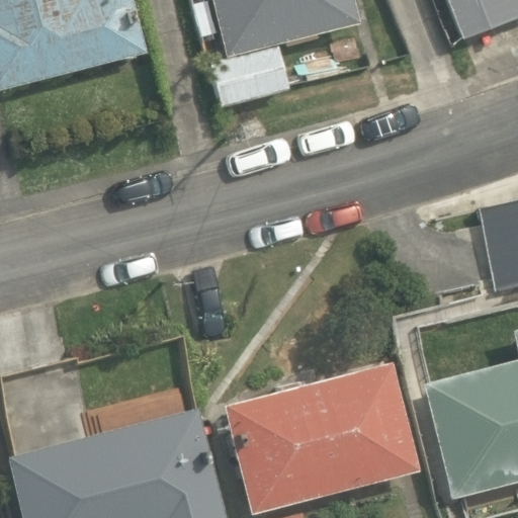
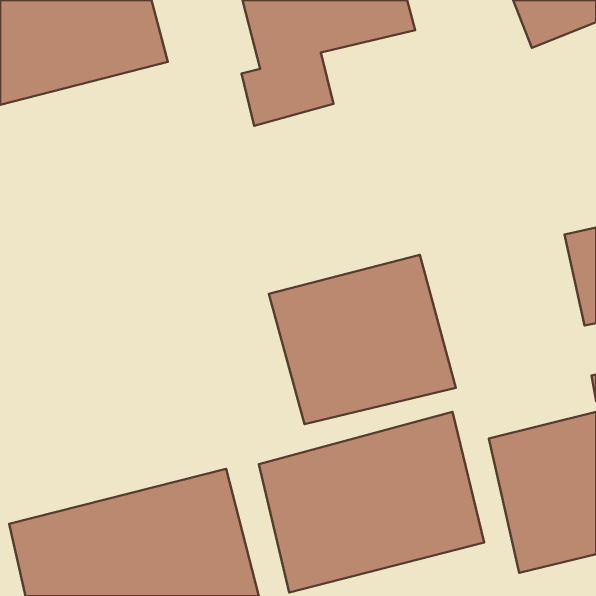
building: none -> [269,255,456,424]

